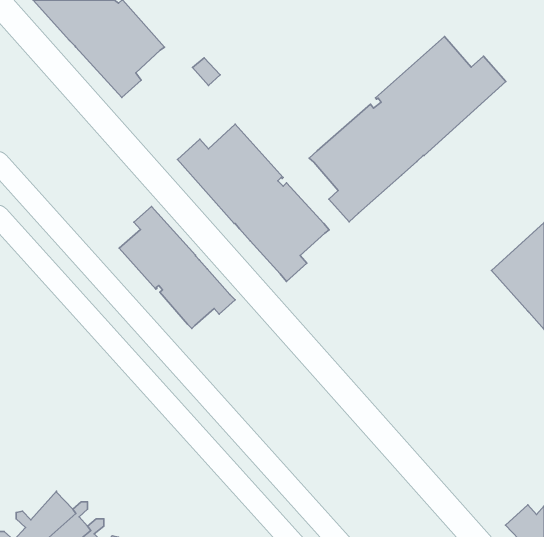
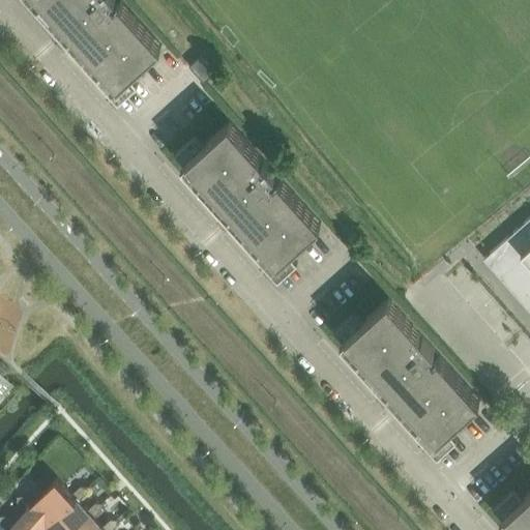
building: [309,36,506,222] -> none
building: [119,207,235,329] -> none
building: none -> [330,306,478,458]

